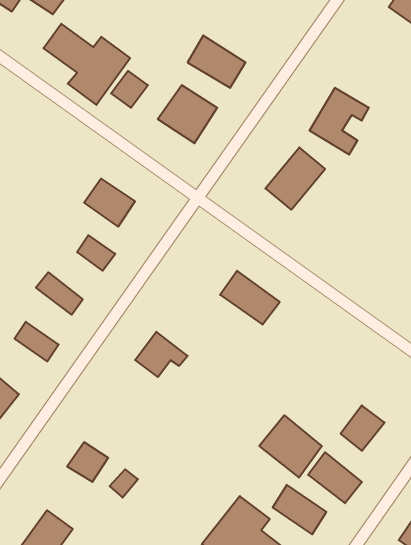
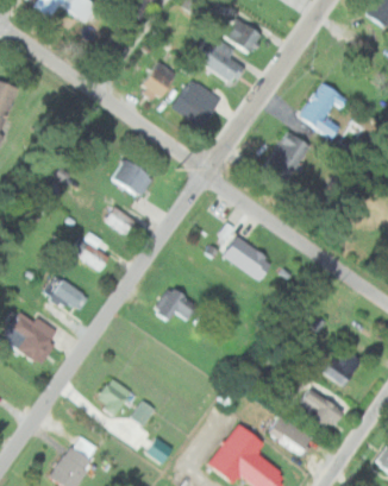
building: none -> [223,15,263,53]
building: [43,24,130,105] -> none
building: [259,415,322,478] -> none

